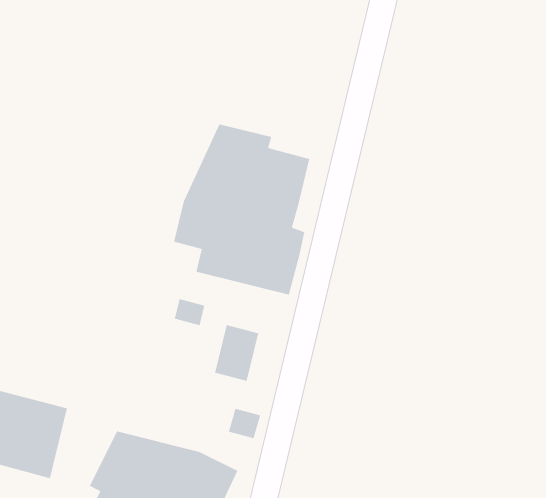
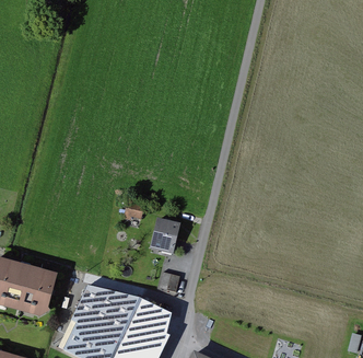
building: [173,124,310,296] -> none

